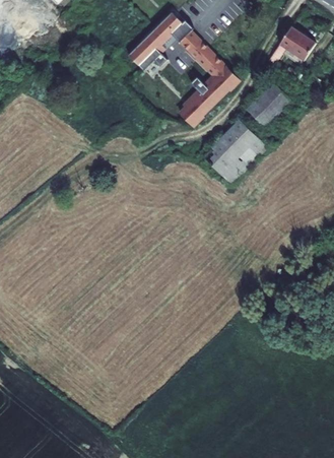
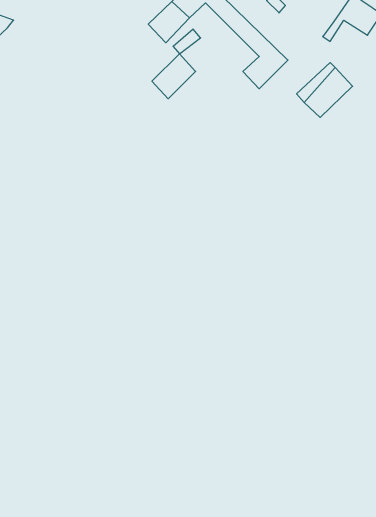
building: [179,90,214,127] -> [152,54,196,99]
building: [202,124,265,184] -> none

